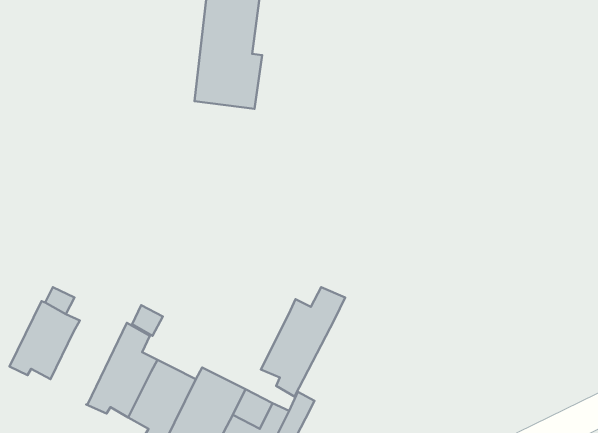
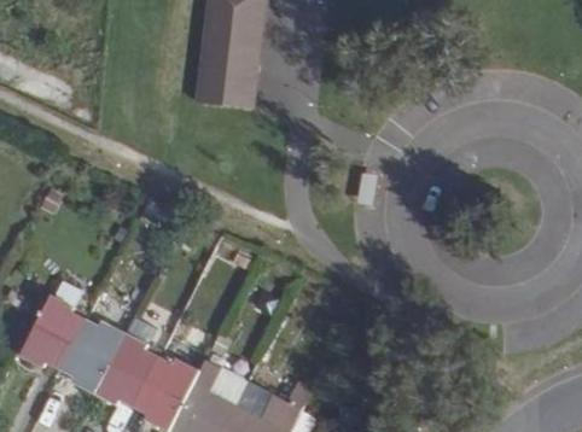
building: [261,287,345,397] -> none
building: none -> [59,314,123,393]

